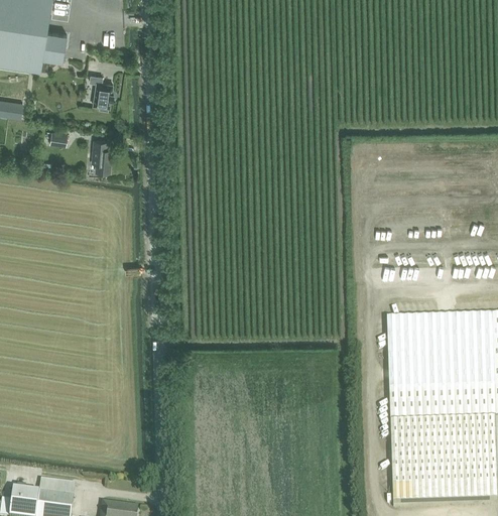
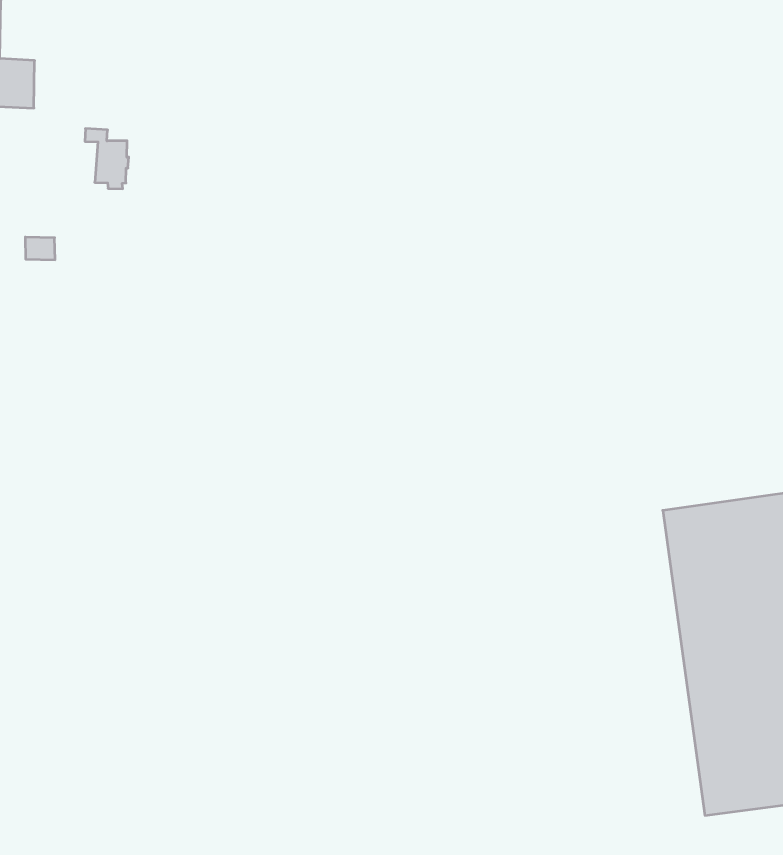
building: [92,141,112,173] -> none

